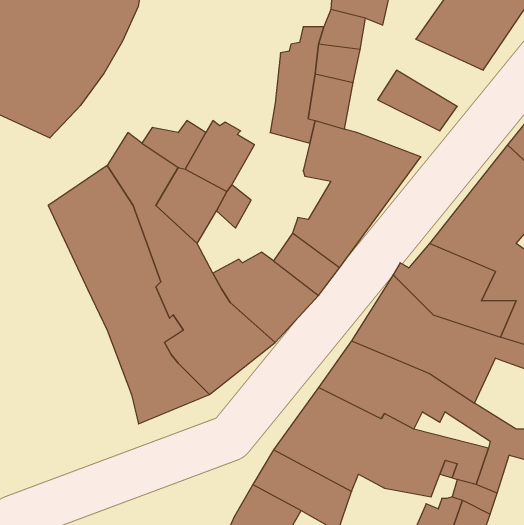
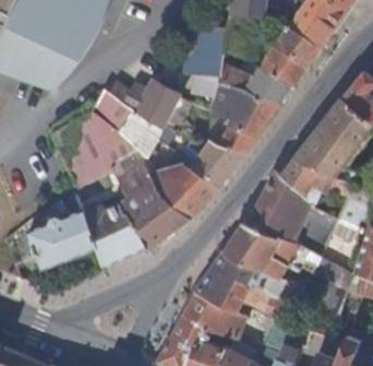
building: none -> [272,28,326,71]
building: none -> [246,67,299,103]
building: none -> [29,212,105,270]

